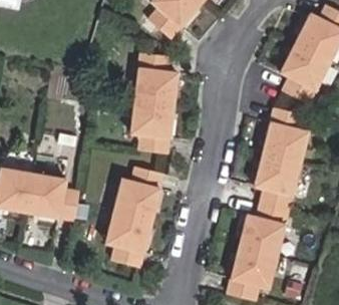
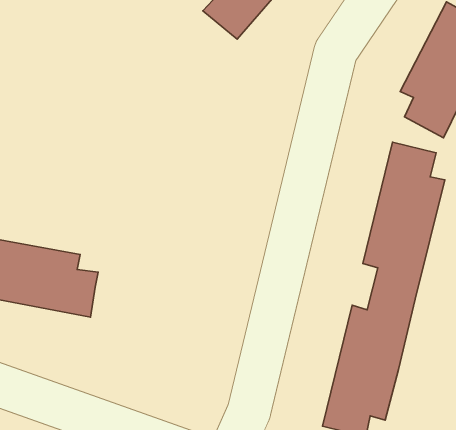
building: [130,50,180,150] -> none
building: [103,169,161,269] -> none

